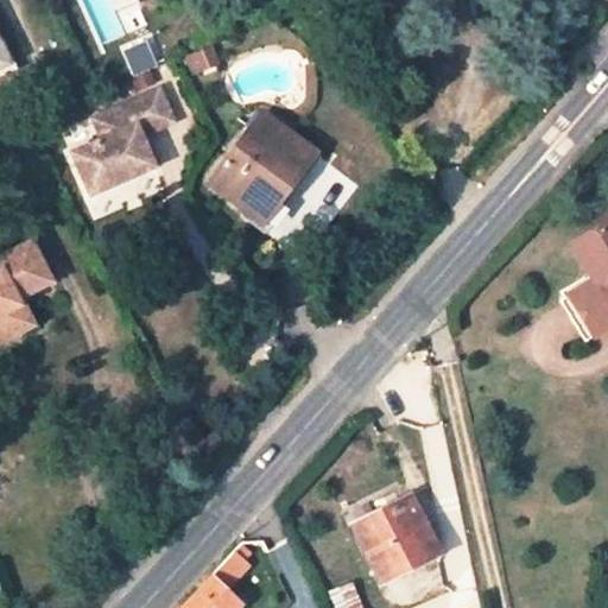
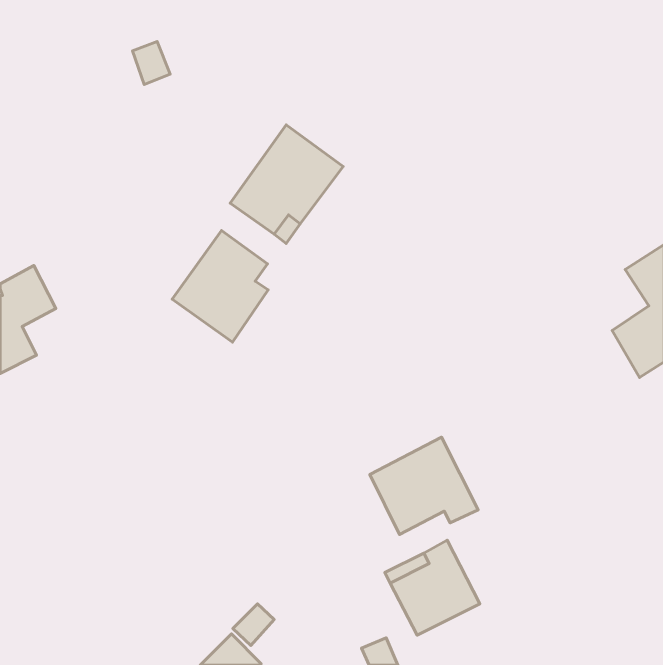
building: [71,86,175,195] -> none
building: none -> [172,230,268,342]
building: none -> [370,437,478,534]

